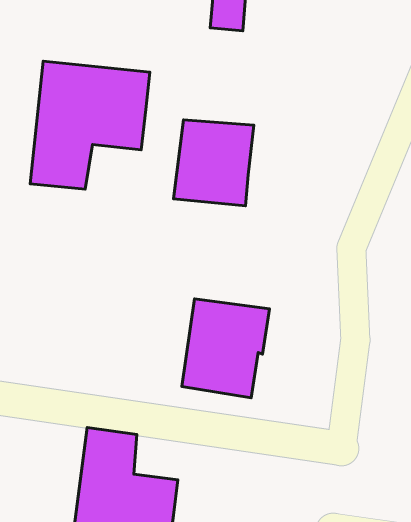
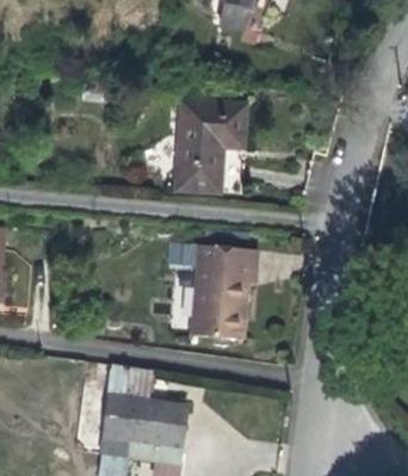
building: [30,61,150,189] -> none

